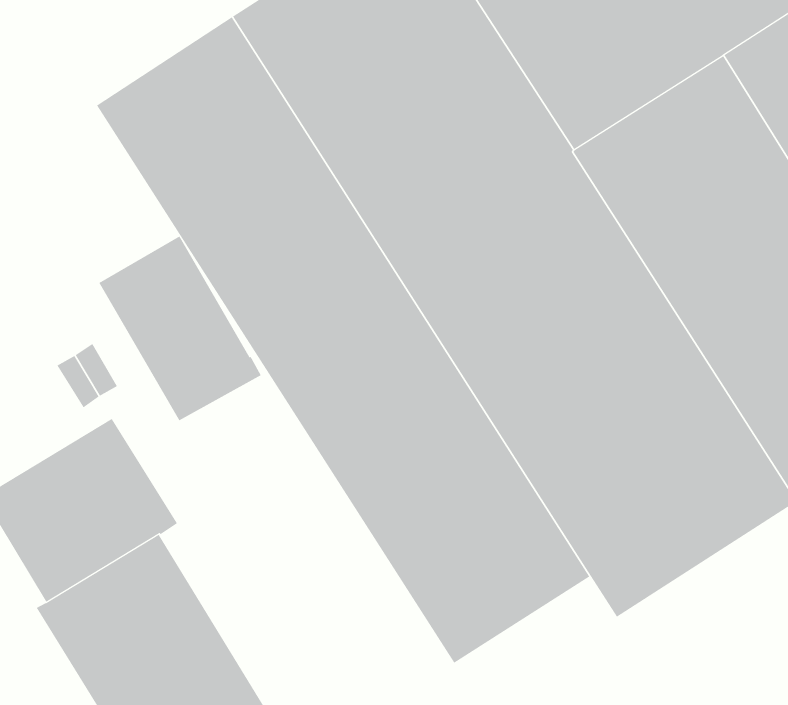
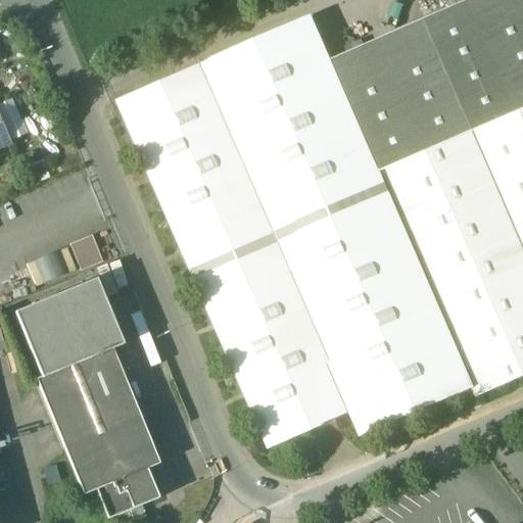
building: [98,235,261,421] -> none

